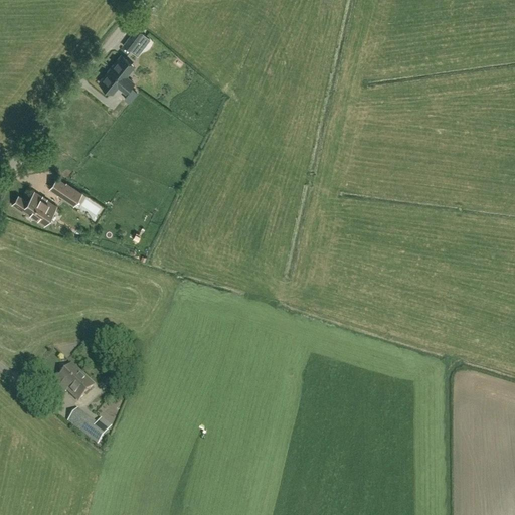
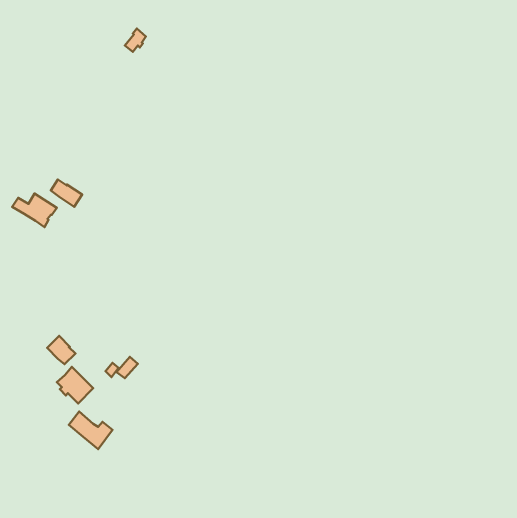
building: [101,55,135,94] -> none
building: none -> [47,336,75,364]

